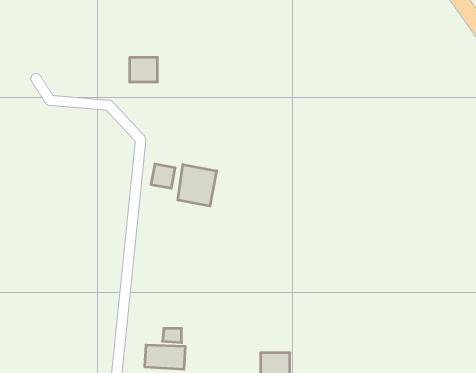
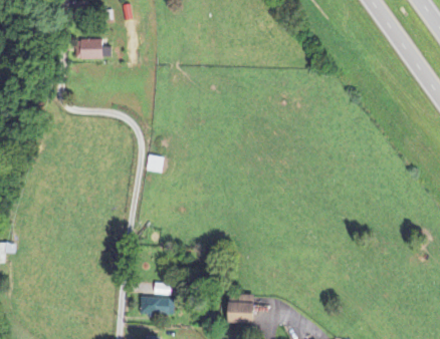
building: [130,58,158,82] -> [81,39,103,58]
building: [178,164,217,206] -> none

